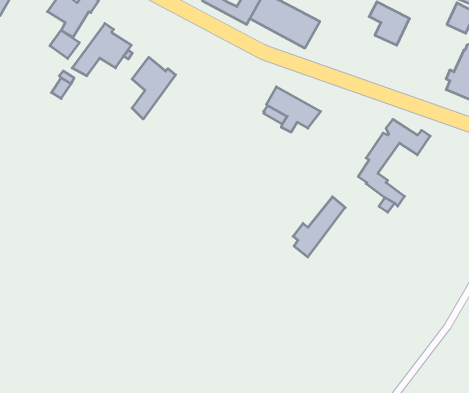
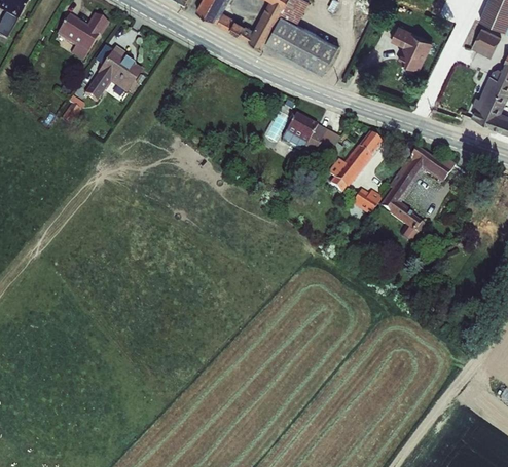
building: [50,30,79,59] -> none
building: [132,57,176,119] -> none
building: none -> [351,189,382,216]
building: [293,197,345,257] -> [327,130,382,193]

